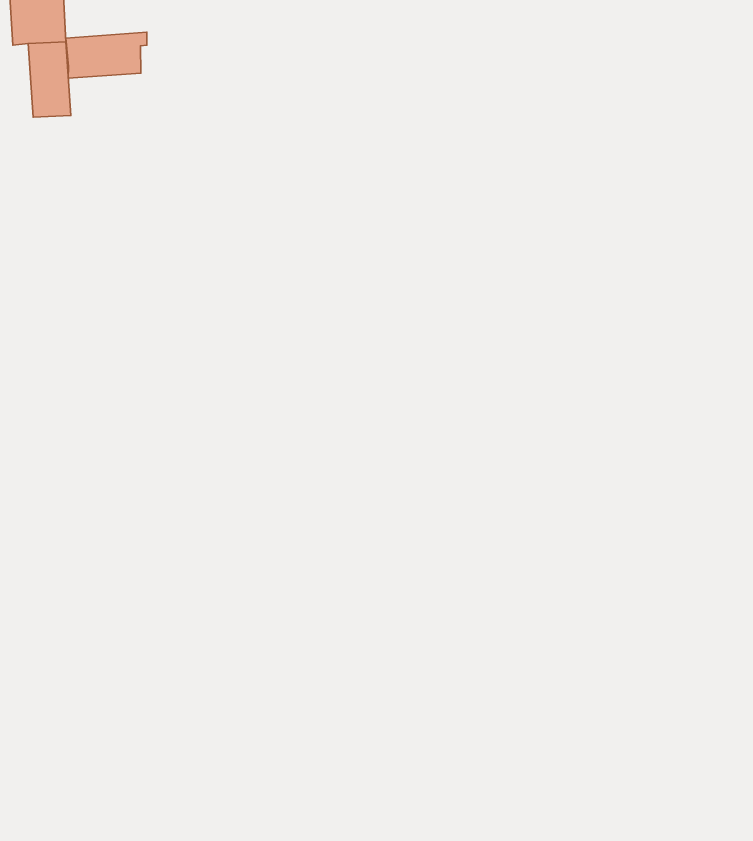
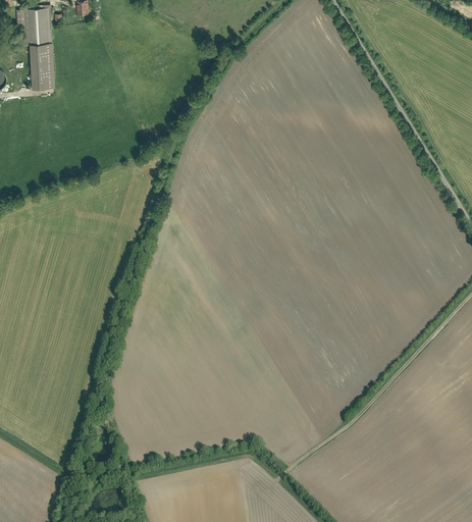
building: [66,32,147,78] -> none

